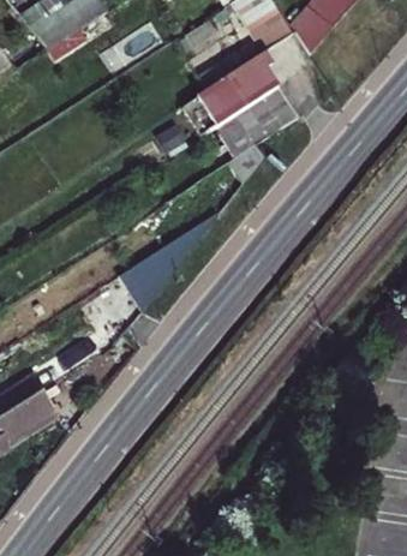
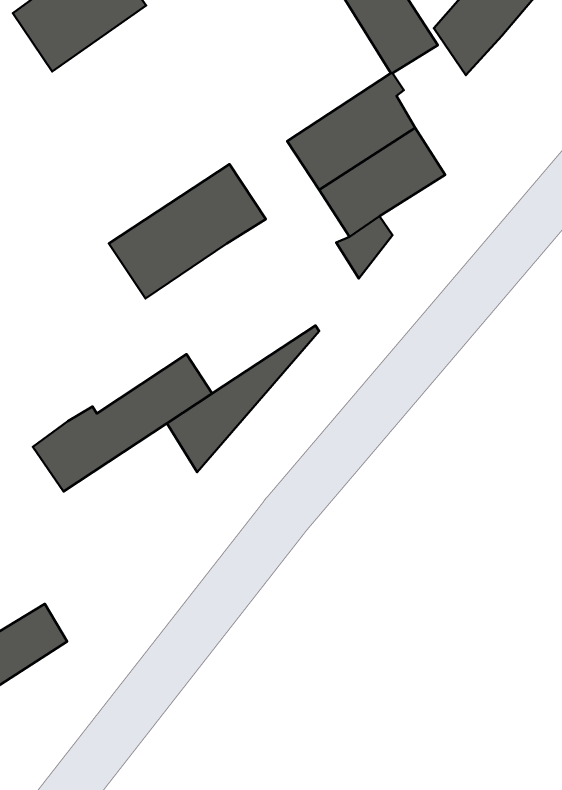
building: none -> [109,164,266,298]
building: none -> [33,354,212,491]

